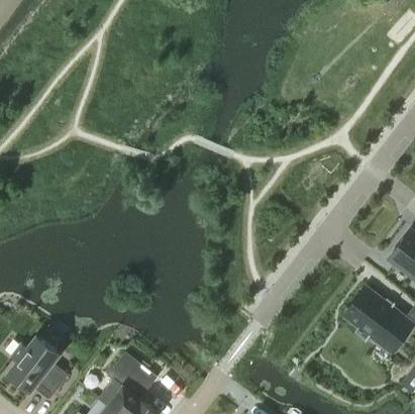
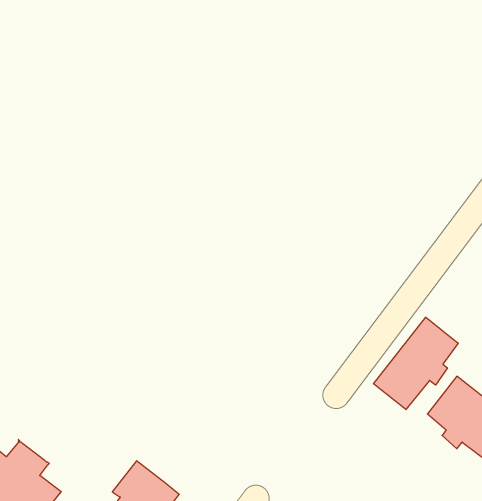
building: none -> [373,317,458,410]

